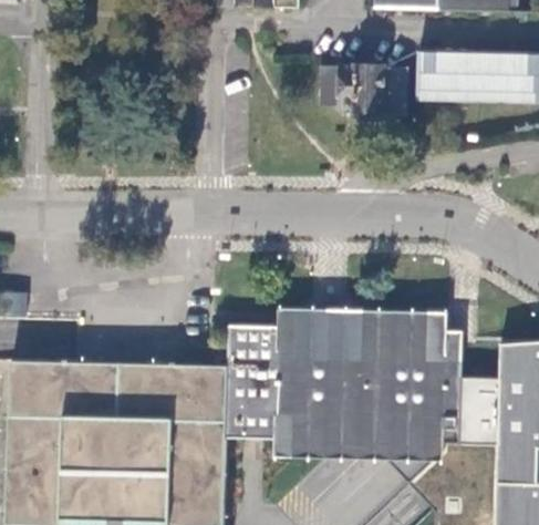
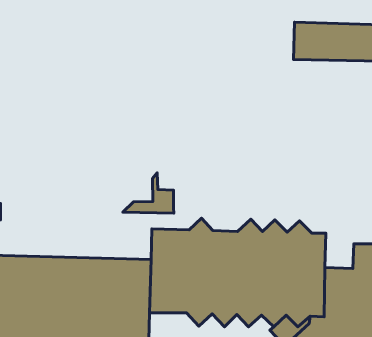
building: [322,63,408,113] -> none
building: none -> [123,173,174,213]

